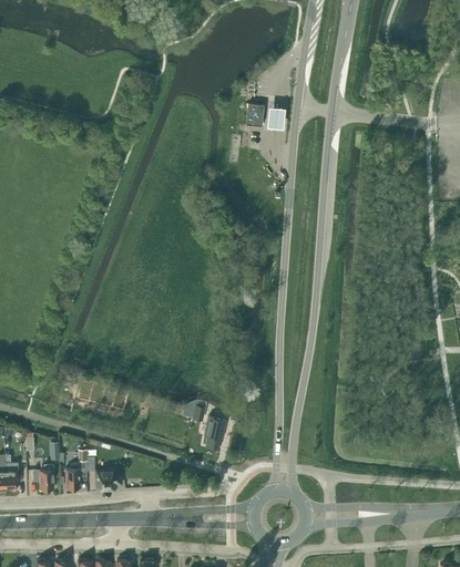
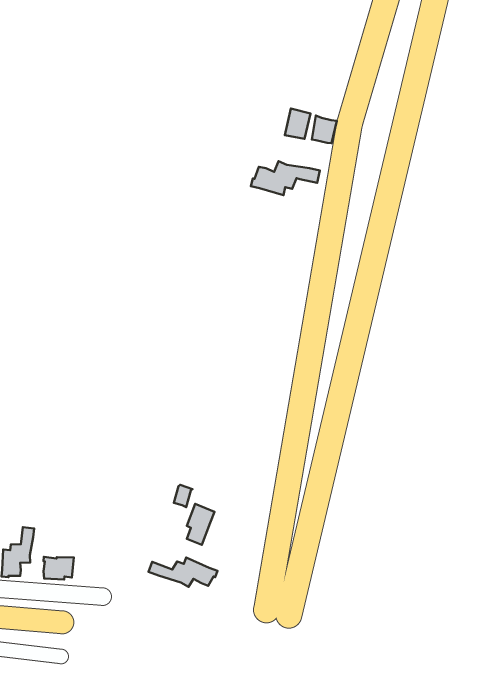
building: none -> [251,161,320,195]
building: none -> [148,558,218,587]

